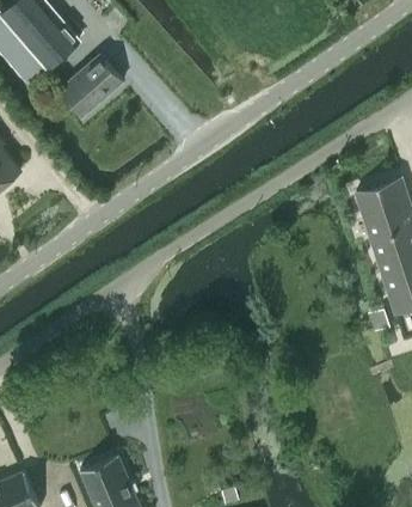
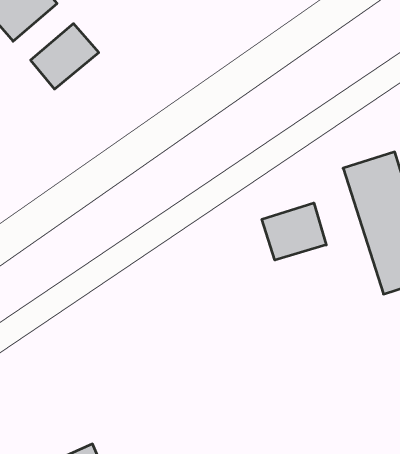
building: none -> [262,203,326,260]

